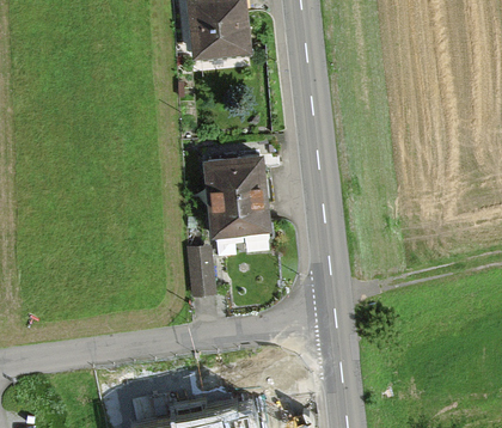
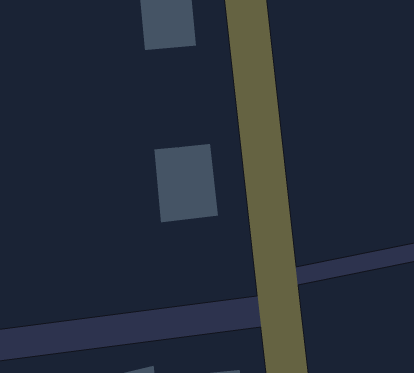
building: [185,249,216,300] -> none

